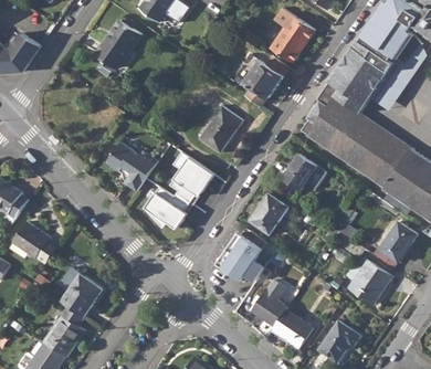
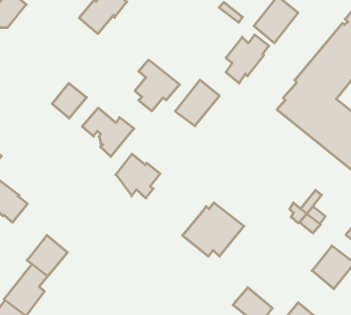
building: none -> [52,83,87,118]
building: [170,152,214,203] -> [135,60,180,111]
building: [283,154,316,189] -> none
building: [250,193,288,234] -> none
building: [252,280,287,325] -> none

